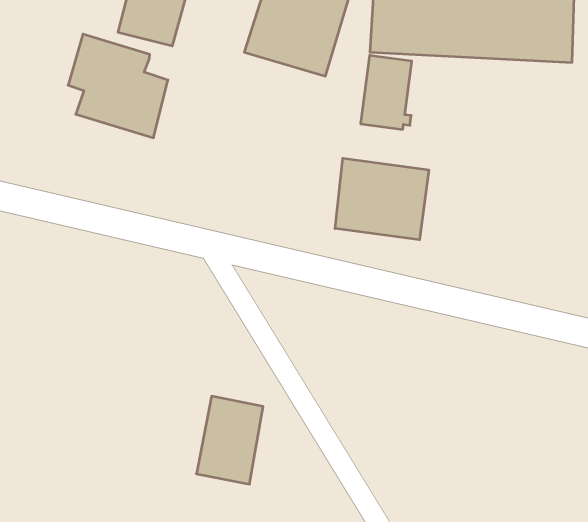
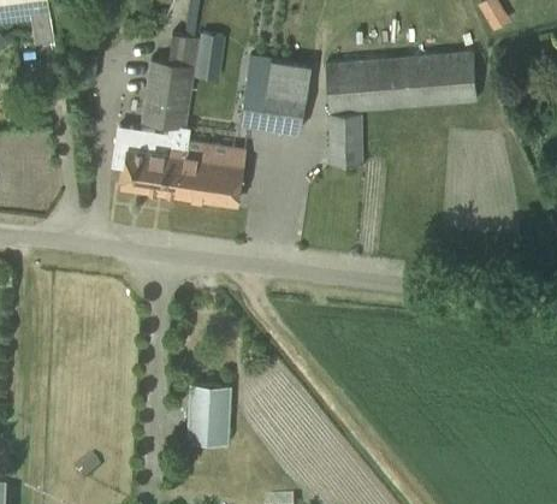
building: none -> [179,149,242,201]
building: [335,158,429,240] -> none
building: [196,396,263,484] -> [186,381,229,441]

